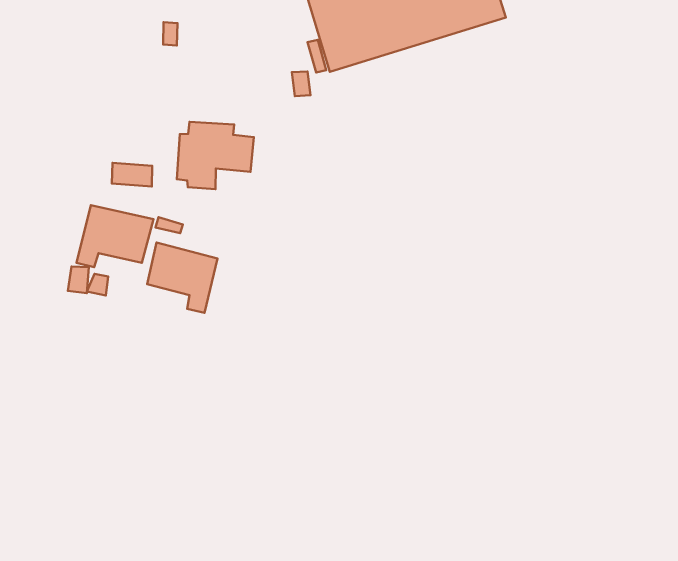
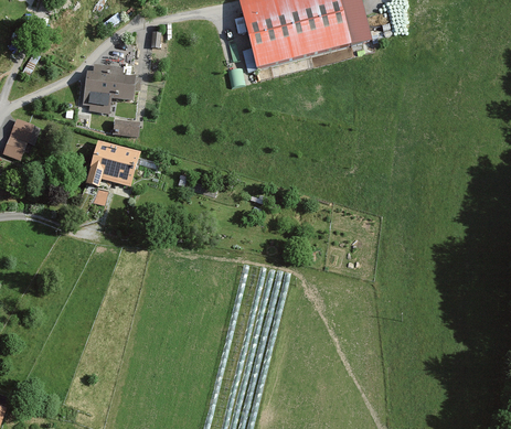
building: [177,122,254,189] -> [84,64,135,108]
building: [147,242,218,313] -> none

